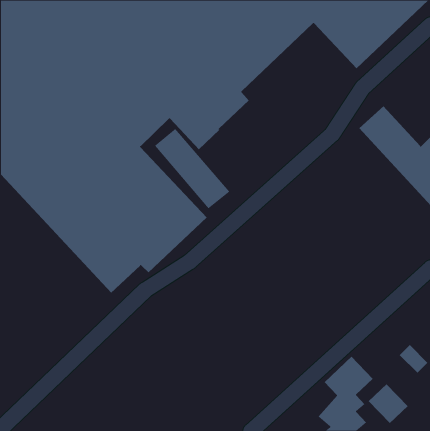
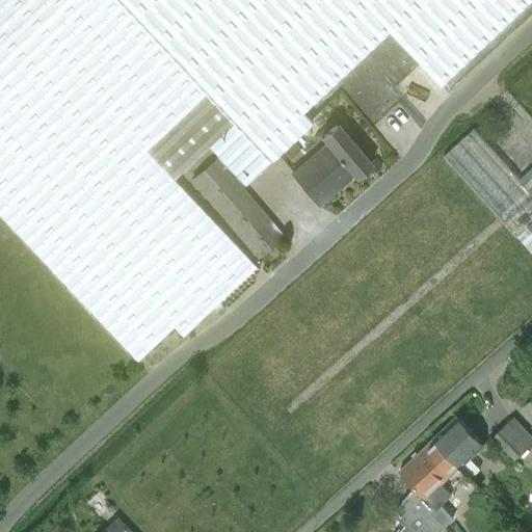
building: none -> [291,124,372,205]
building: [368,383,408,424] -> [434,417,484,467]

